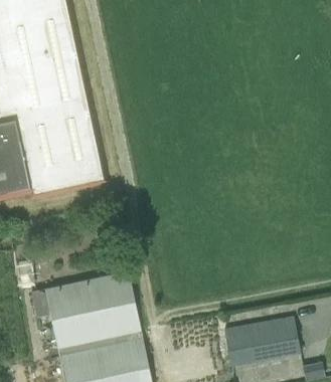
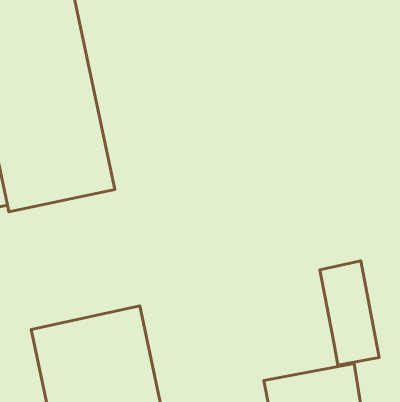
building: none -> [320,261,379,365]

